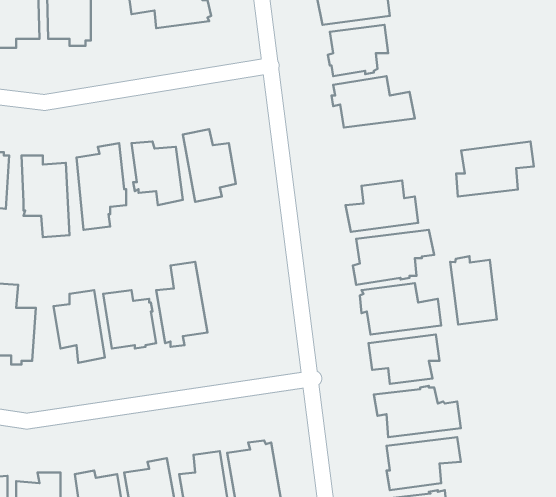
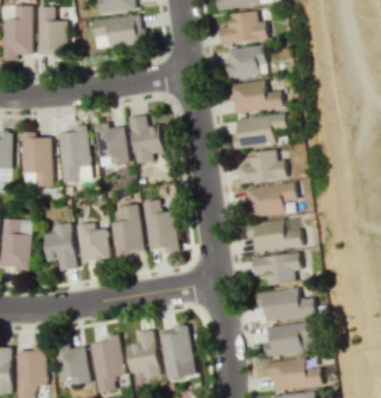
building: [456,142,534,196] -> [234,114,286,151]
building: none -> [142,200,180,254]
building: [450,256,497,324] -> none

